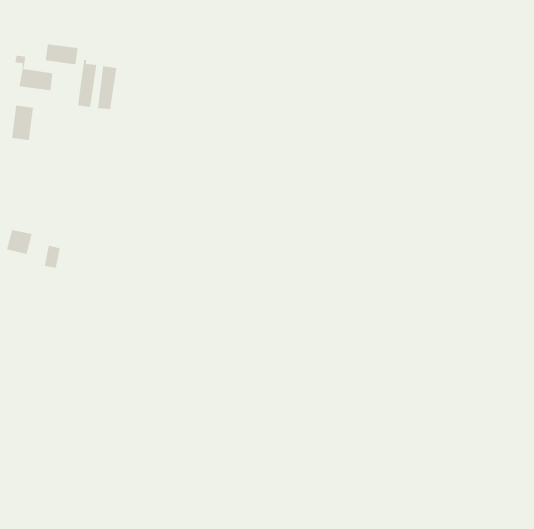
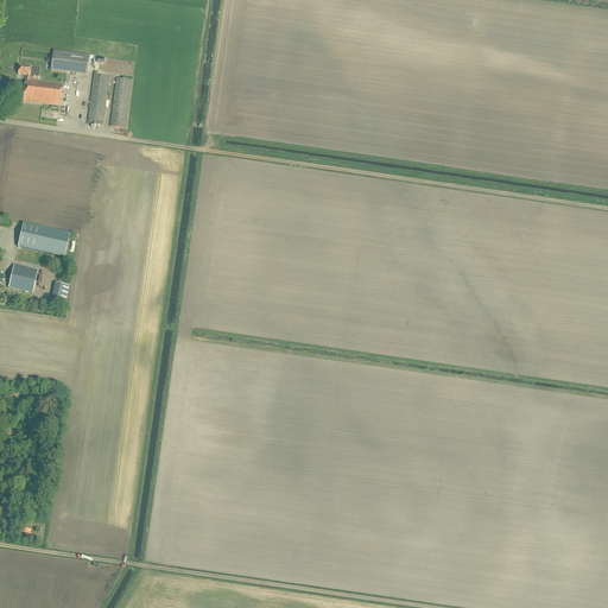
building: [12,105,34,141] -> none
building: none -> [17,221,69,254]

